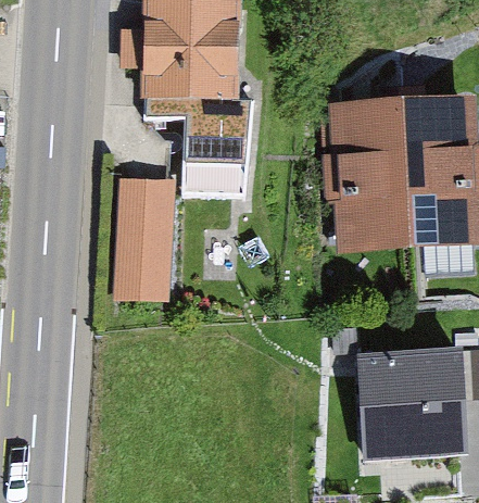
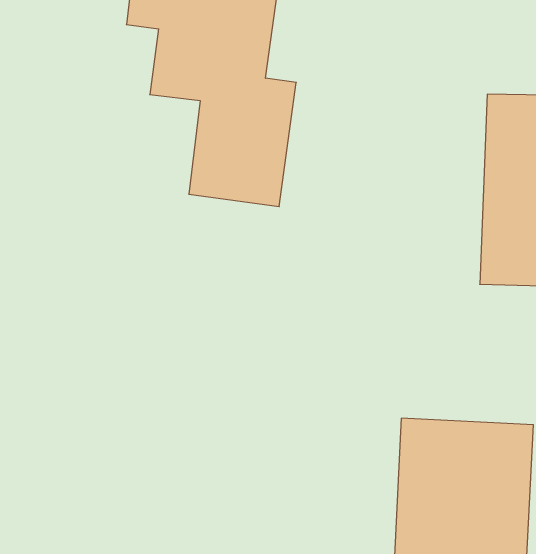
building: [328,96,411,247] -> none
building: [119,177,175,291] -> none

